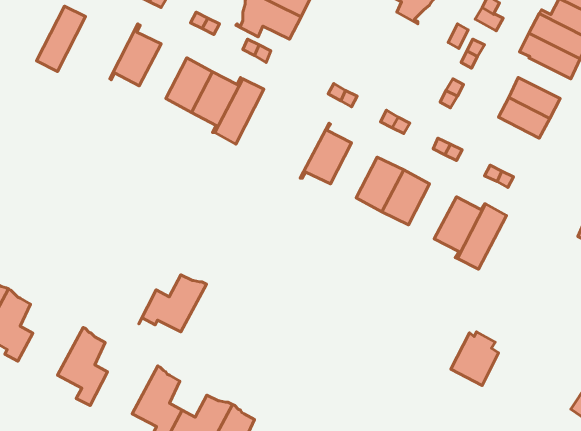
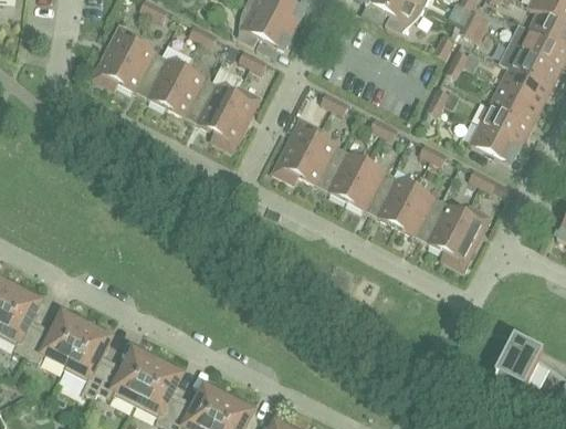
building: [37,6,86,71] -> [93,24,139,86]
building: none -> [140,53,186,105]
building: none -> [500,66,549,105]
building: none -> [273,117,321,180]
building: none -> [471,123,520,163]
building: none -> [322,147,366,199]
building: none -> [396,186,441,238]
building: [139,275,206,332] -> [94,349,158,404]
building: none -> [25,313,87,367]
building: [451,332,499,386] -> [493,337,538,388]

